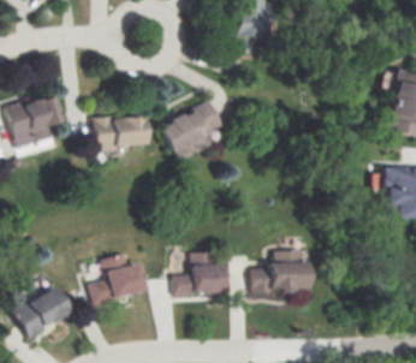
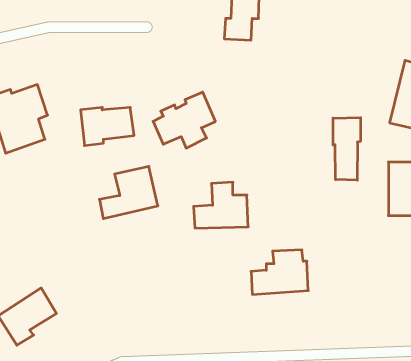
building: none -> [333,118,361,180]
building: [177,252,228,296] -> [194,182,248,228]
building: [91,254,147,303] -> [99,166,158,219]

